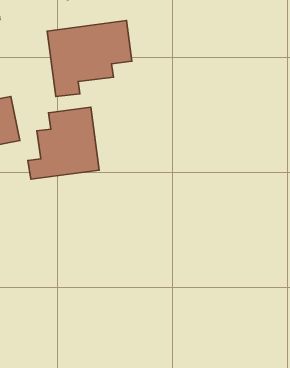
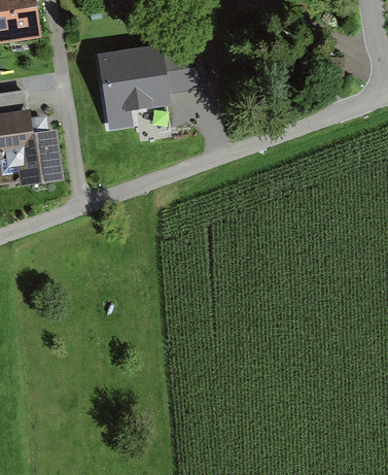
building: [28,107,99,179] -> none

